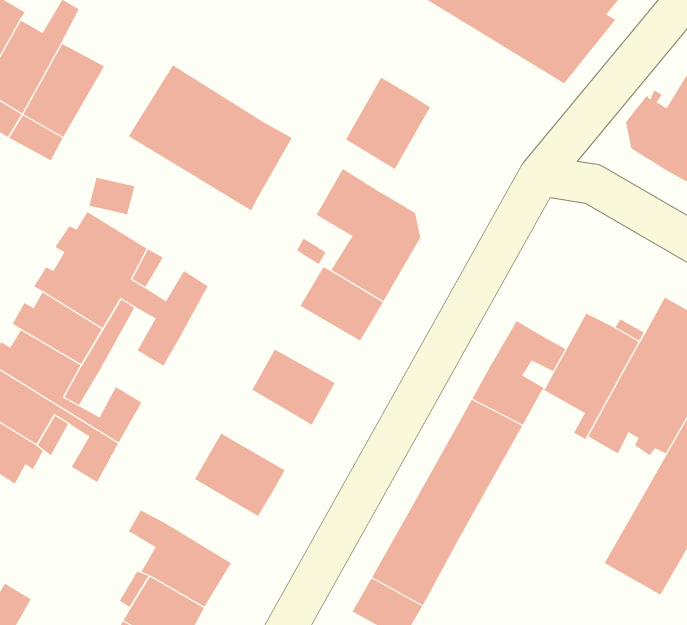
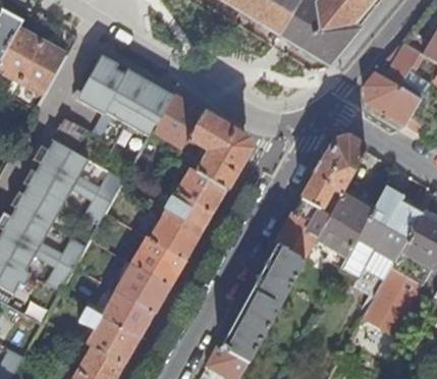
building: [345,77,431,170] -> [153,95,202,148]
building: none -> [301,139,366,209]
building: none -> [163,191,212,234]
building: none -> [132,237,184,284]
building: none -> [102,289,154,337]

